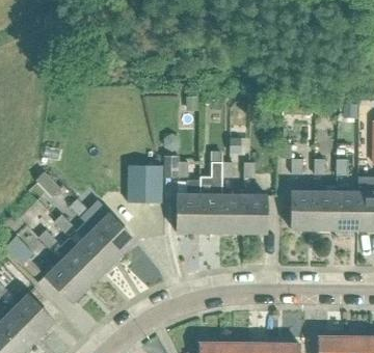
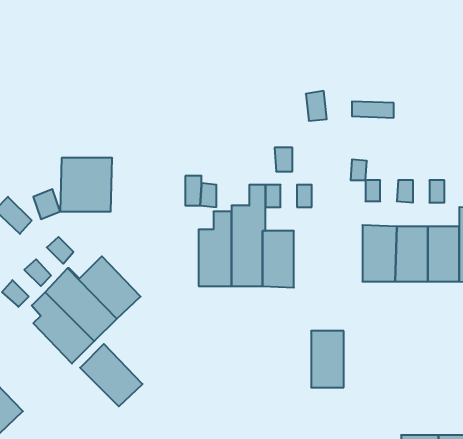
building: [127,165,163,202] -> [60,158,112,212]
building: [243,194,266,234] -> [311,331,344,387]
building: [45,259,88,302] -> [80,344,143,406]

